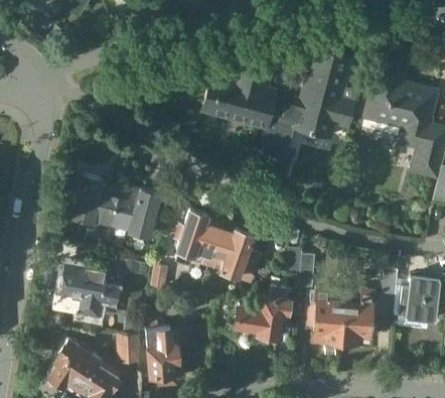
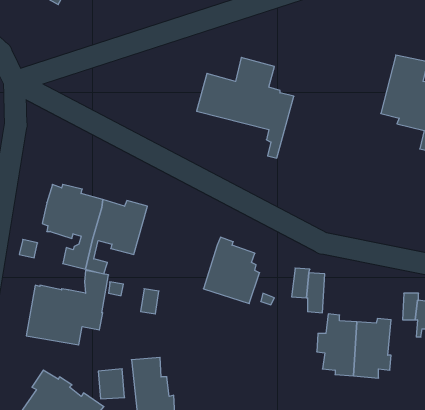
building: [272,52,356,156] -> none
building: [175,212,222,268] -> none
building: [234,280,291,341] -> none

